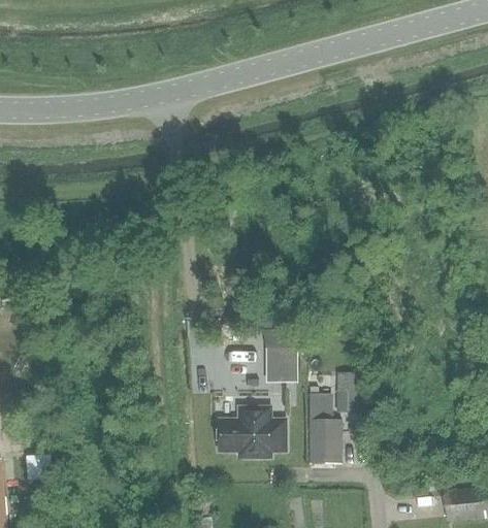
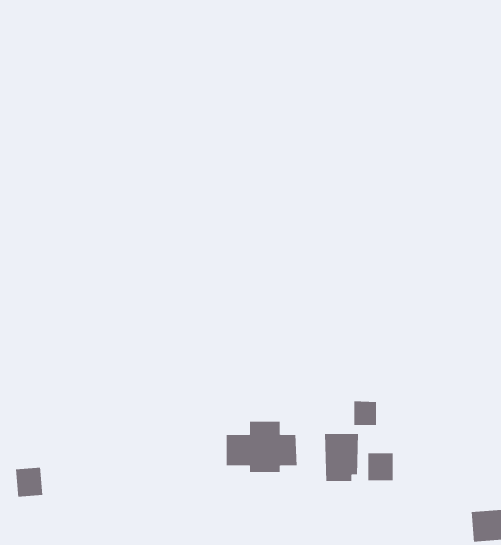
building: [263,330,297,383] -> none
building: [310,394,333,420] -> [368,453,393,481]

